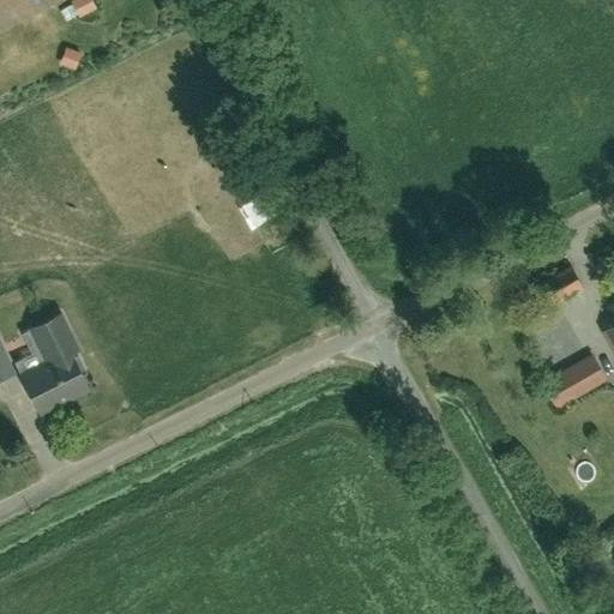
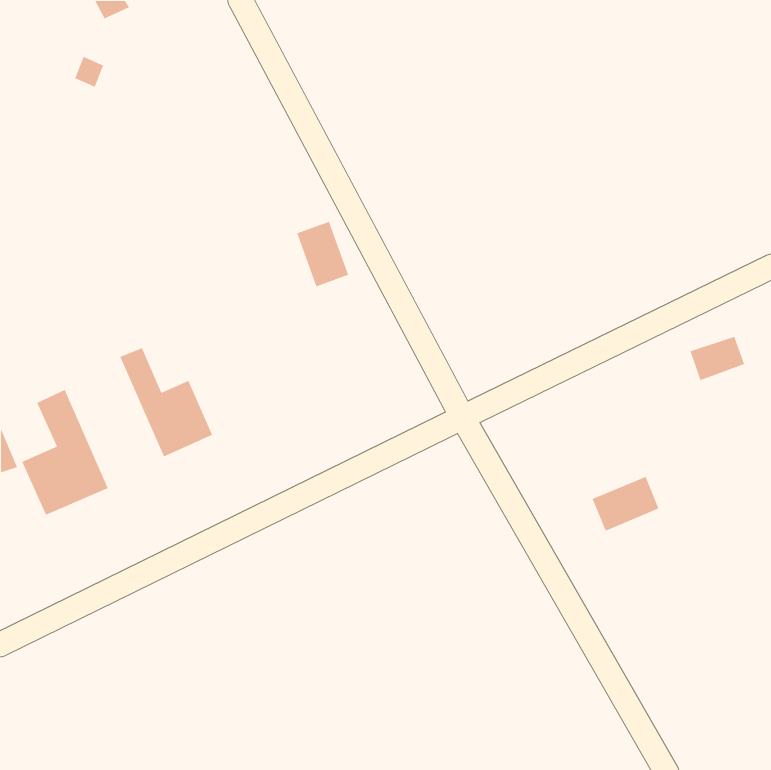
building: none -> [119,347,213,457]
building: [548,357,602,402] -> [592,476,660,532]

